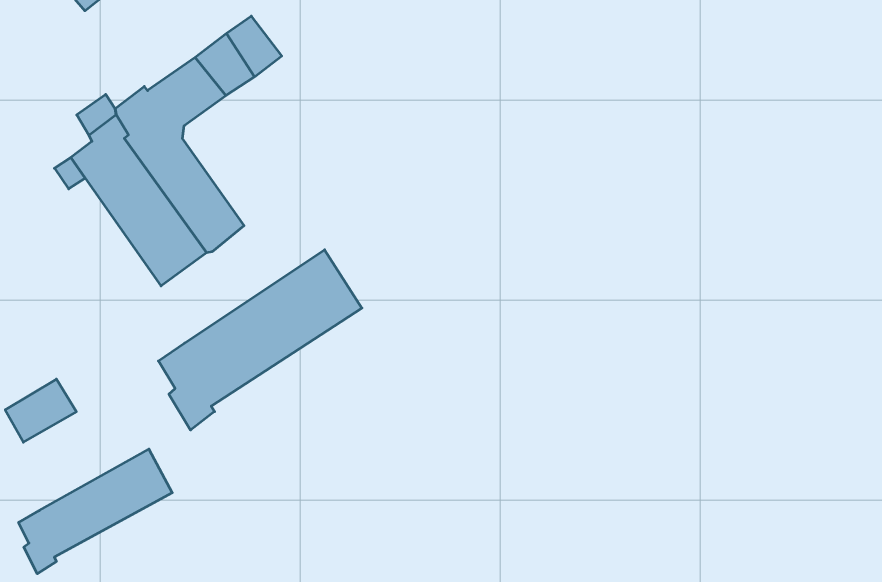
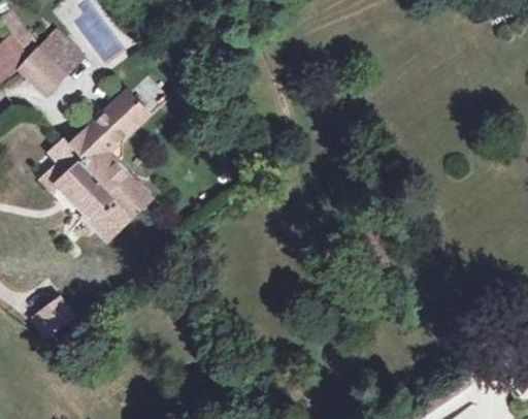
building: [158,250,362,430] -> none
building: [19,449,172,574] -> none

